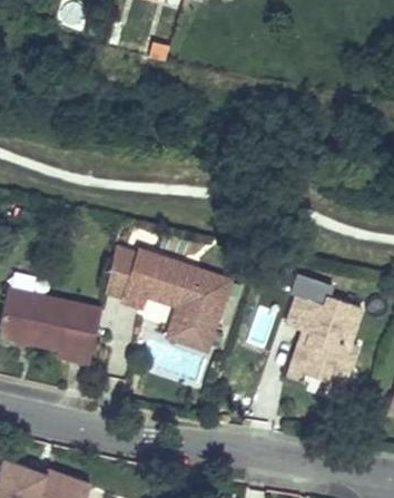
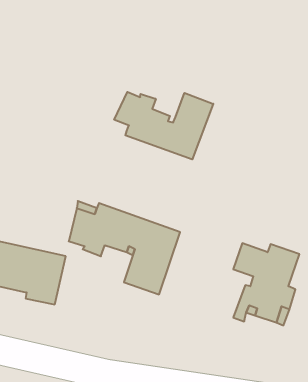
building: none -> [114,92,213,159]

